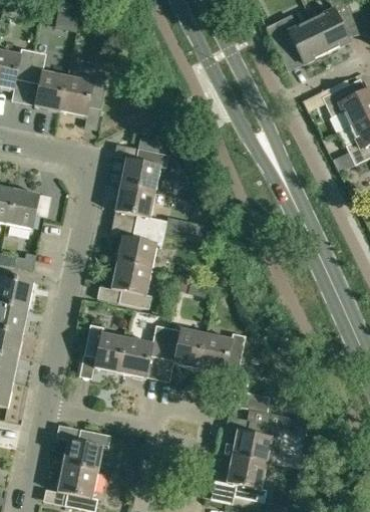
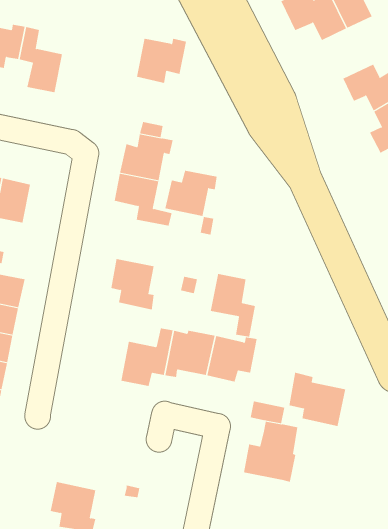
building: [61,75,107,116] -> [136,38,187,83]
building: [116,226,164,268] -> [165,170,218,216]
building: none -> [210,273,256,337]
building: [84,323,127,372] -> none
building: none -> [289,372,346,427]
building: [62,429,110,472] -> none
building: [226,456,267,502] -> none

